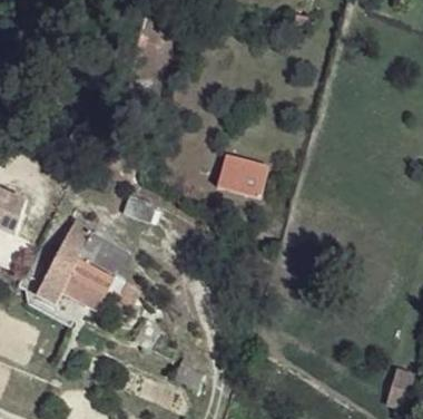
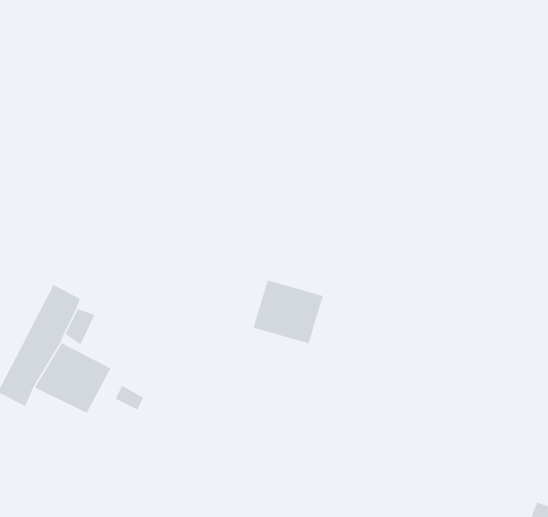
building: [219,153,268,197] -> [252,279,324,344]

